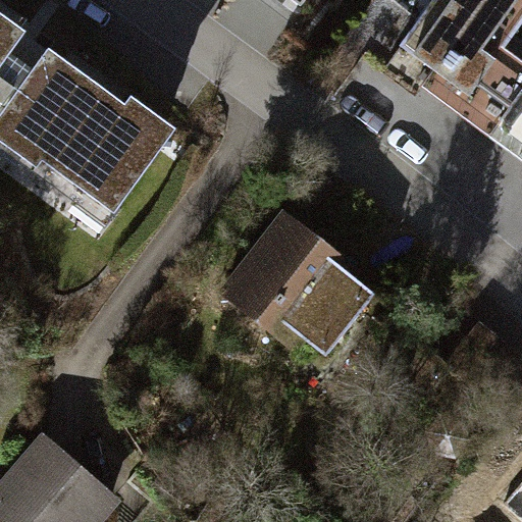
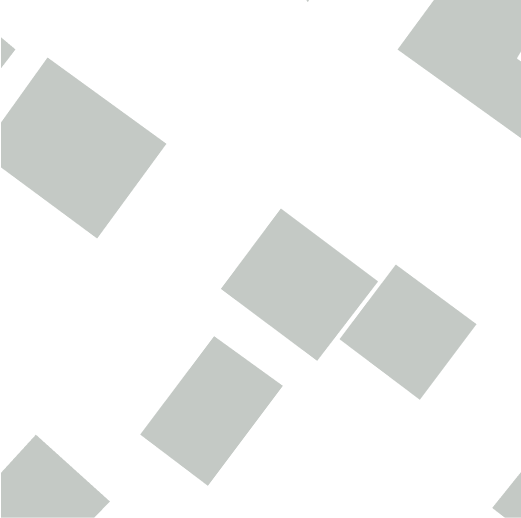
building: none -> [339,264,478,401]
building: none -> [139,335,284,487]

